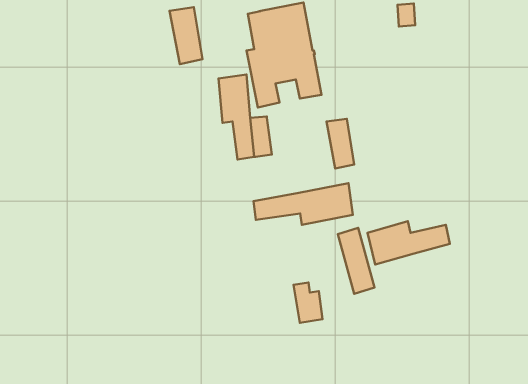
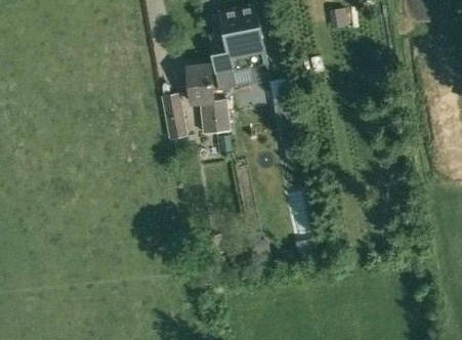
building: [170,7,203,64] -> [161,92,187,138]
building: [254,183,353,225] -> none
building: [368,221,450,264] -> none

